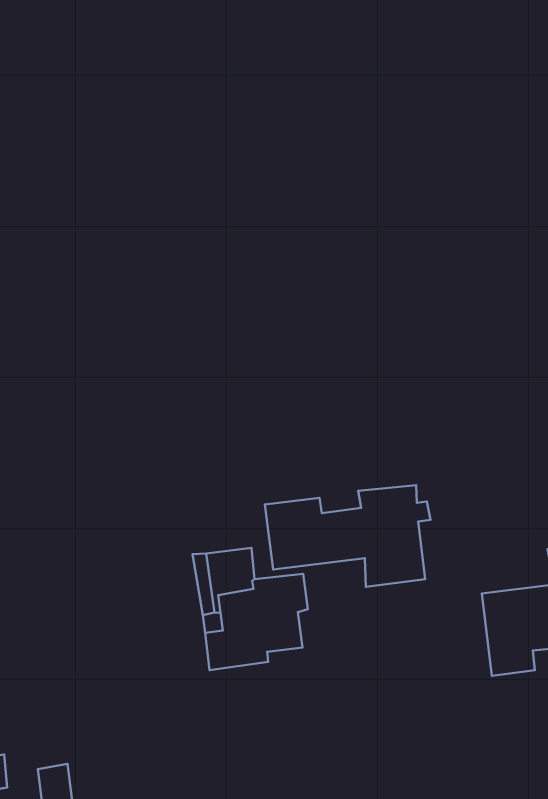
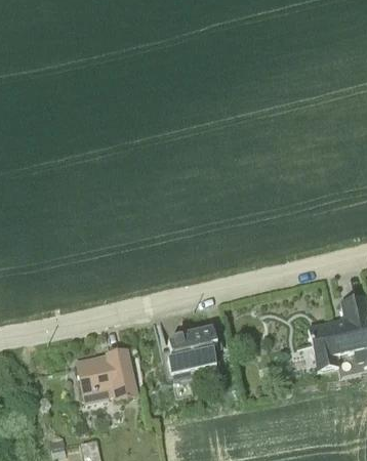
building: [265,485,430,587] -> none
building: none -> [77,349,136,403]

